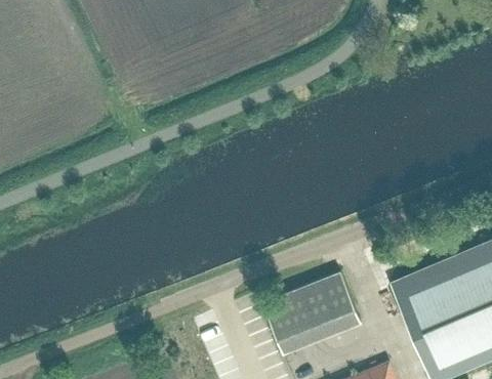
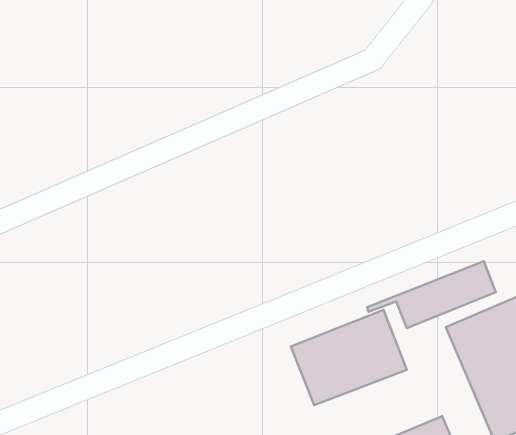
building: none -> [367,261,496,328]

